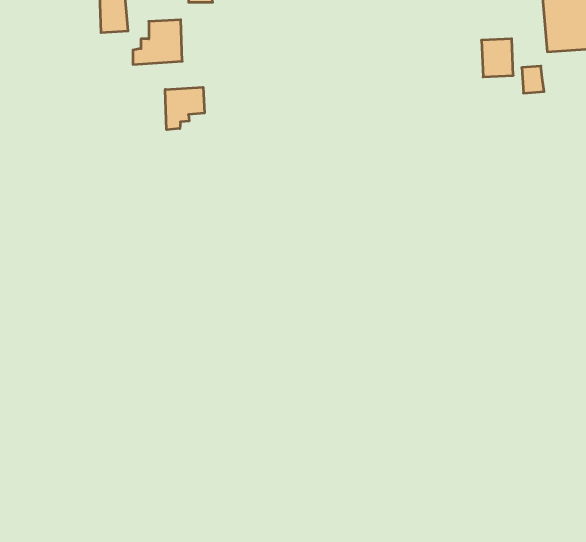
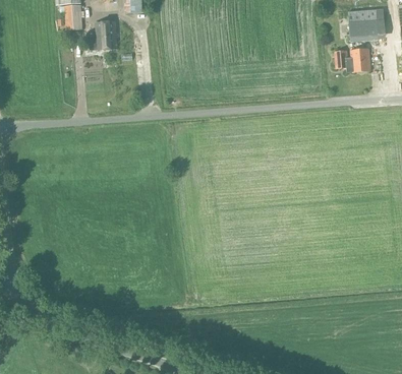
building: [481,39,513,77] -> [348,46,368,70]
building: [165,87,204,130] -> none

